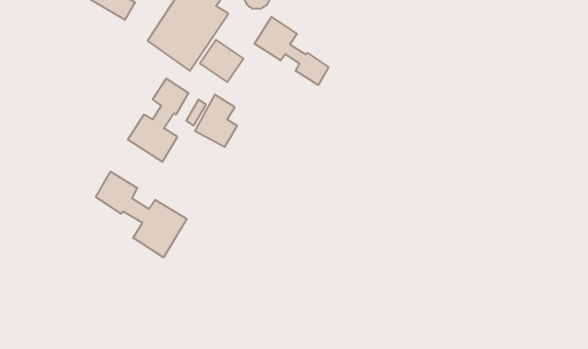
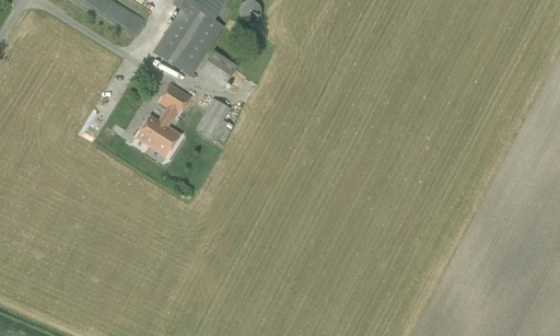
building: [254,17,329,85] -> none
building: [96,172,187,257] -> none

